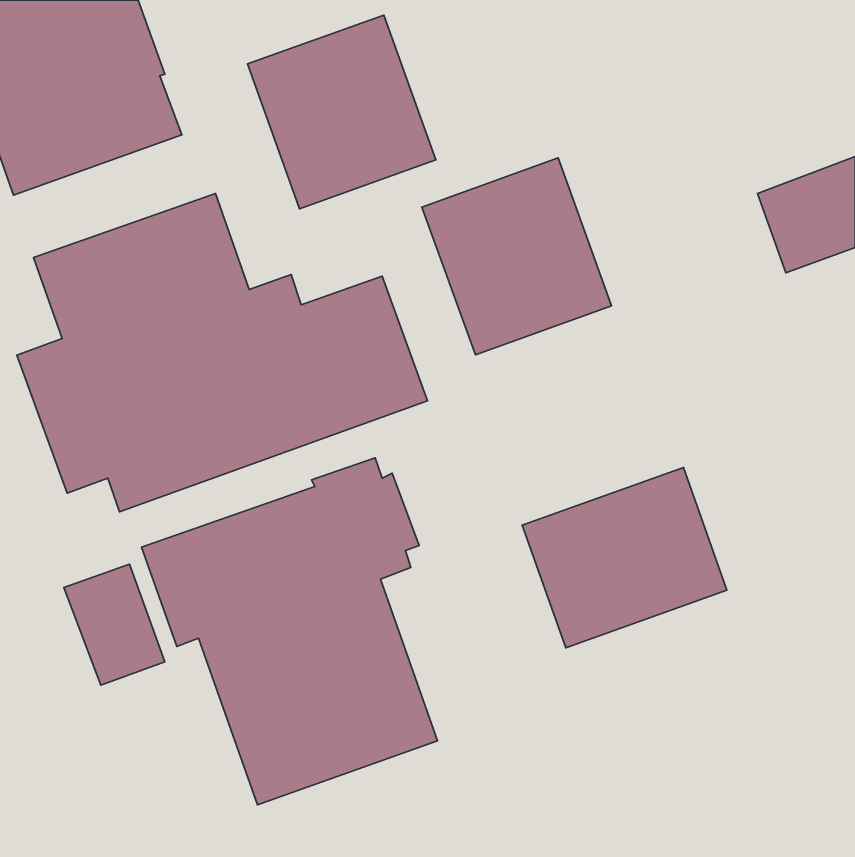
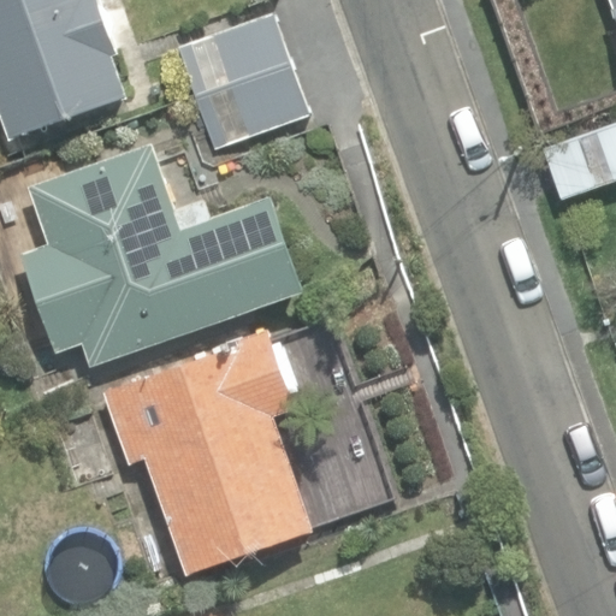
building: [422,158,612,355] -> none
building: [522,467,727,648] -> none

